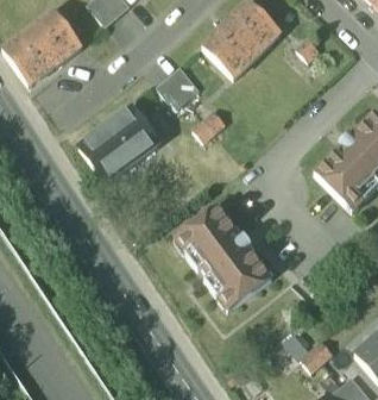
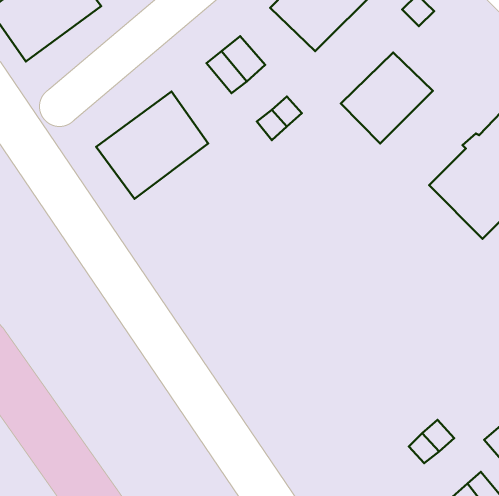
building: none -> [341,52,433,143]
building: [176,207,271,310] -> none

